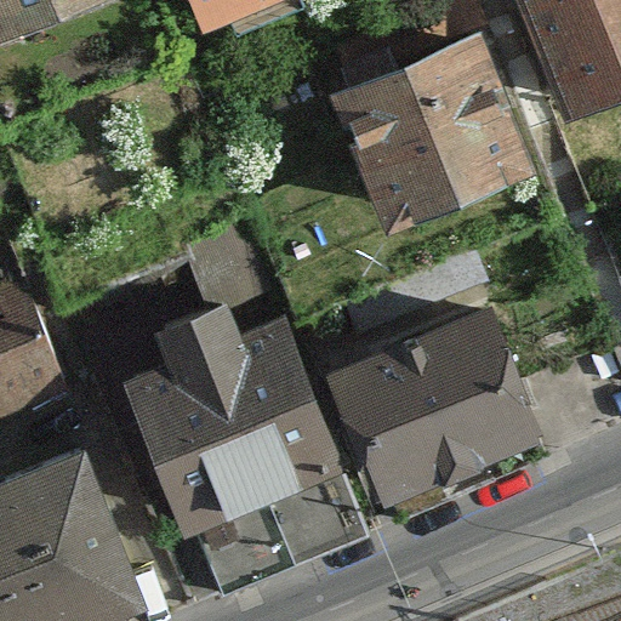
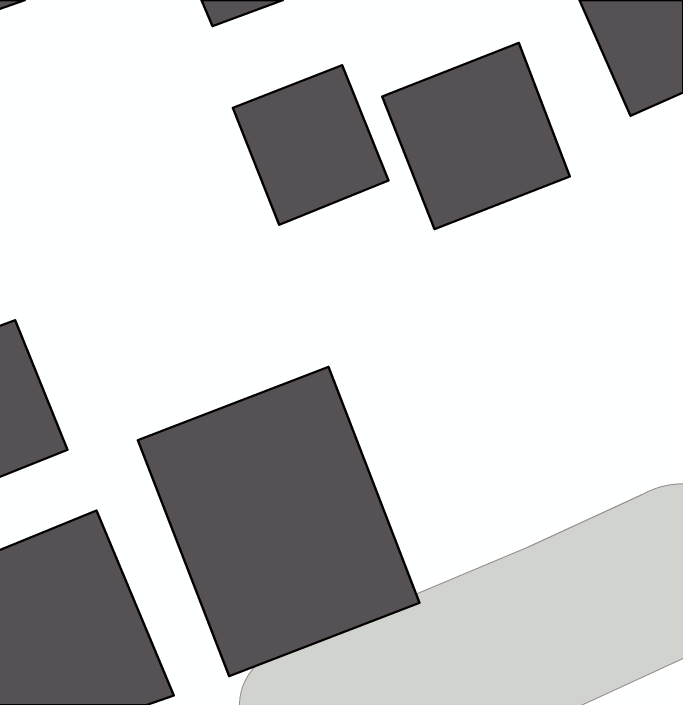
building: none -> [233,65,388,225]
building: [330,310,553,523] -> none

